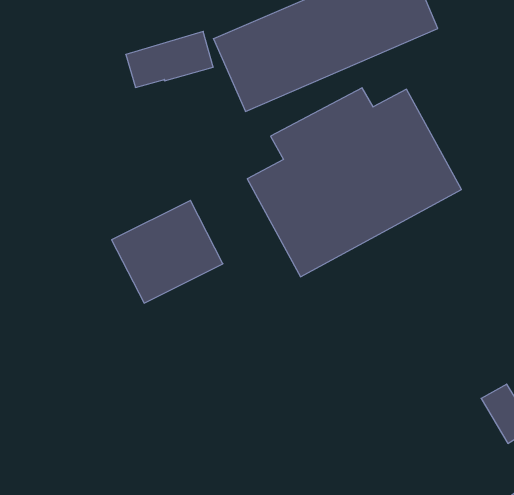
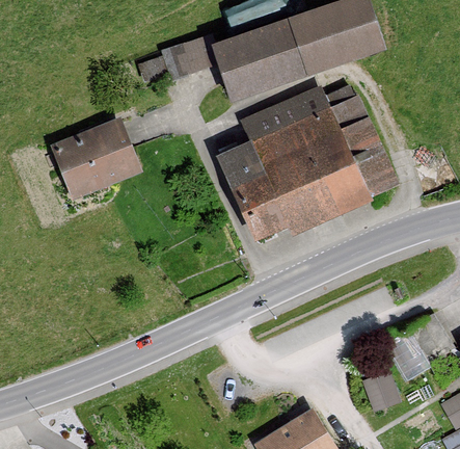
building: [112,200,223,303] -> [53,121,137,196]
building: none -> [364,367,404,406]

